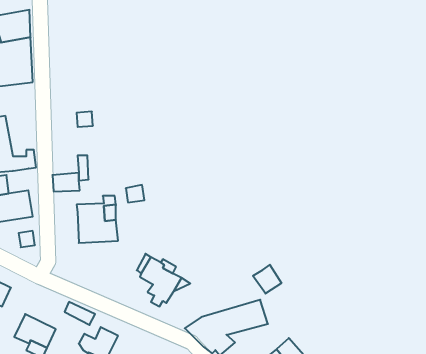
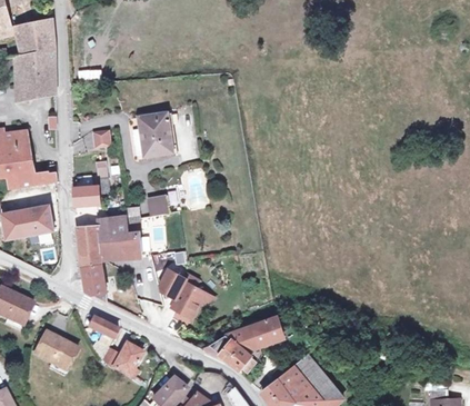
building: none -> [134,112,173,156]
building: none -> [78,226,106,300]
building: [253,265,281,294] -> none

